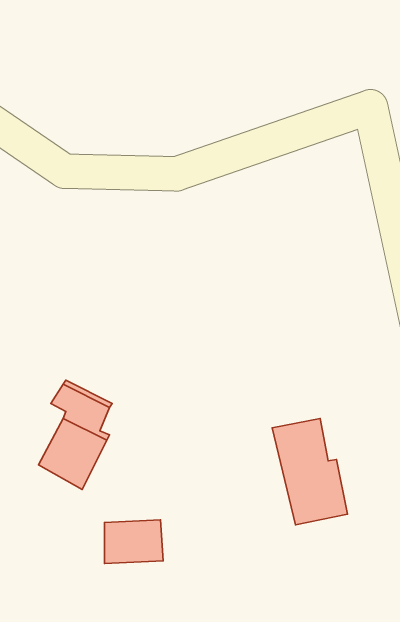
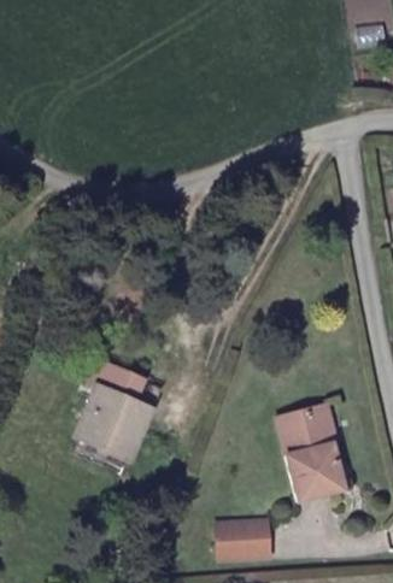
building: [104,520,163,564] -> [212,516,264,554]

